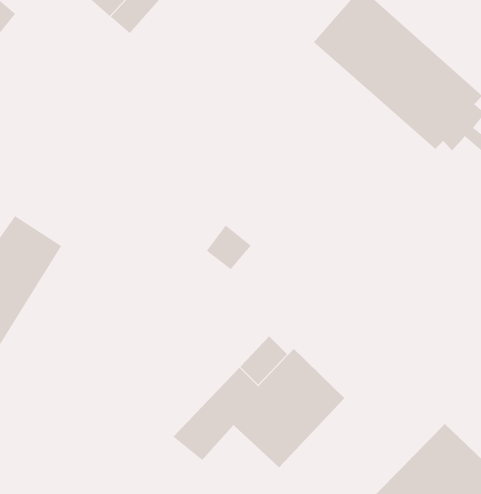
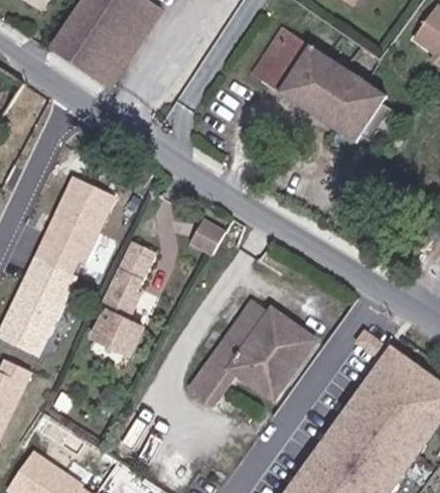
building: none -> [43,160,119,255]
building: none -> [92,242,152,356]

